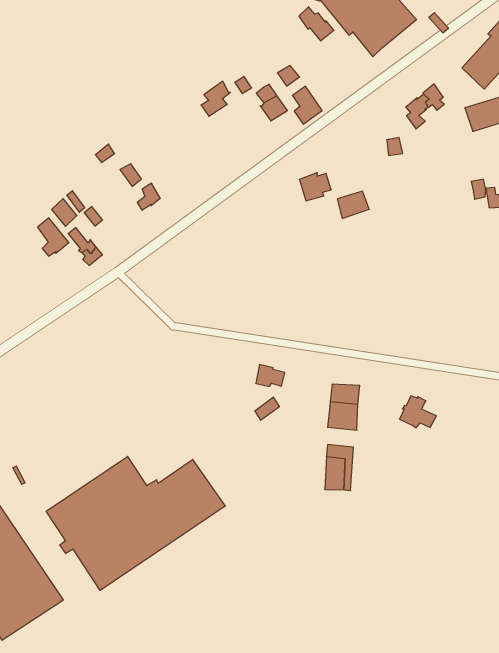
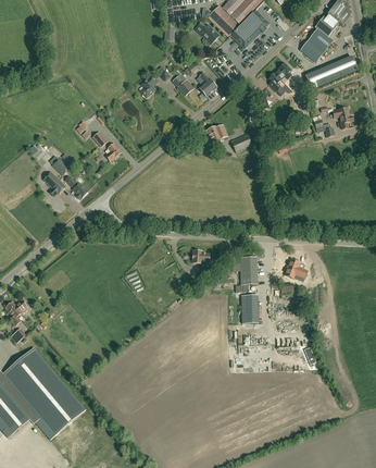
building: [46,456,225,590] -> none

